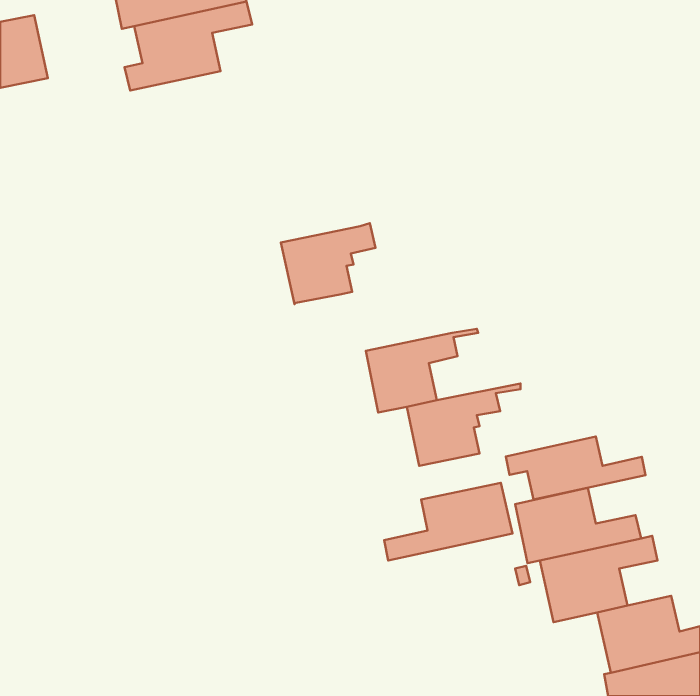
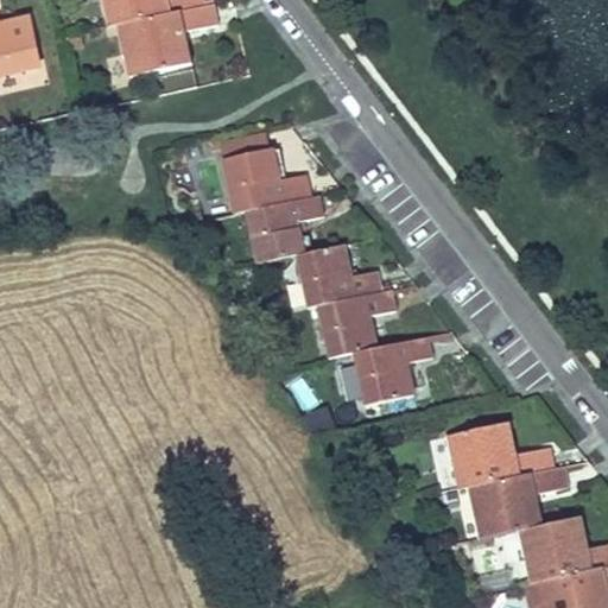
building: none -> [210,129,312,213]
building: none -> [294,245,392,306]
building: [506,436,646,500] -> none
building: [384,483,512,560] -> none

